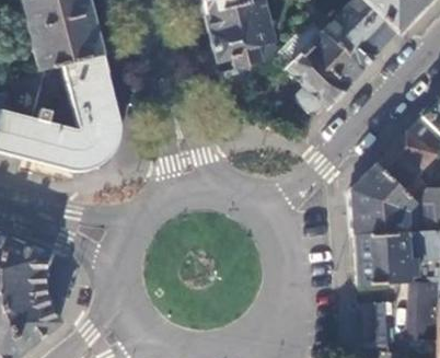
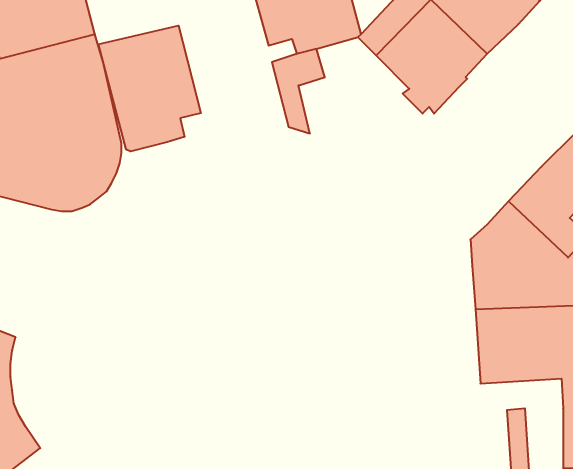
building: none -> [98,26,201,151]

